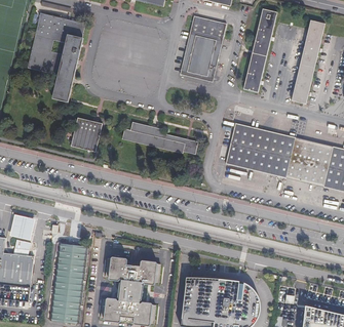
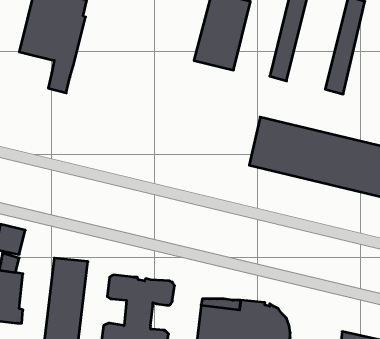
building: [72,117,103,152] -> none
building: [121,122,197,155] -> none

